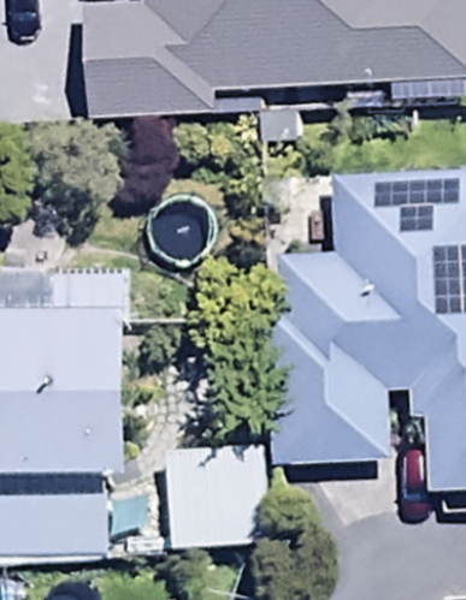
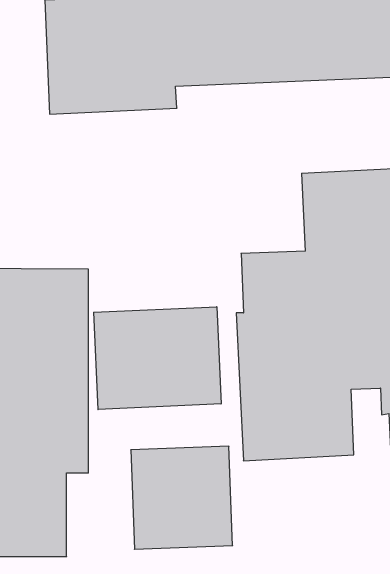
building: none -> [94,307,221,410]

